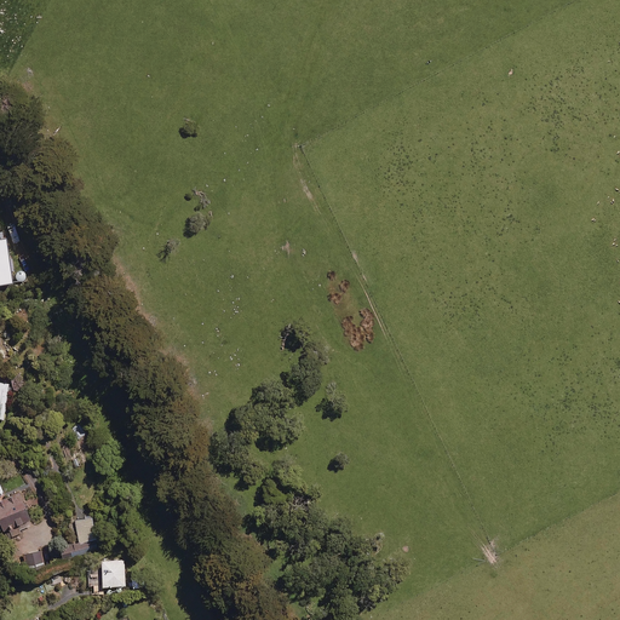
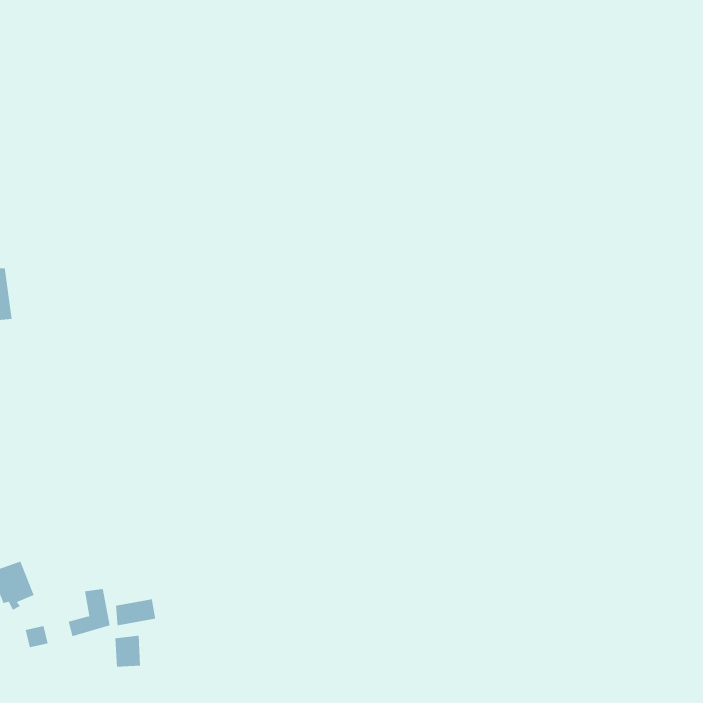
building: none -> [115,598,156,626]

